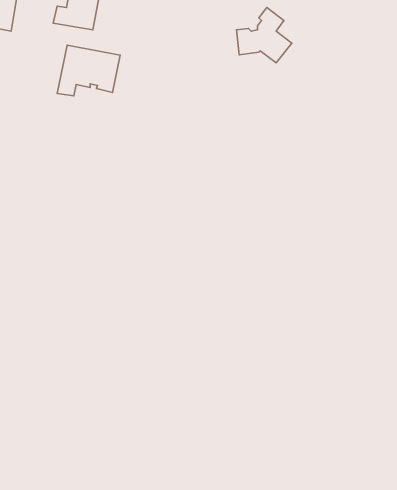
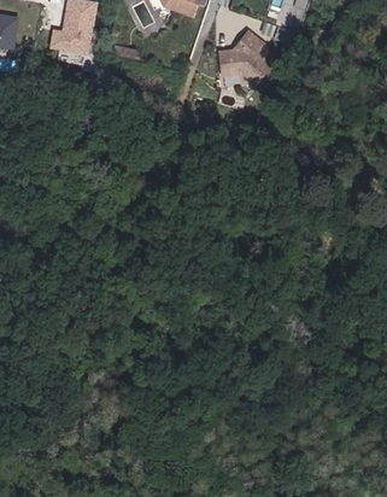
building: [57,45,120,96] -> none

